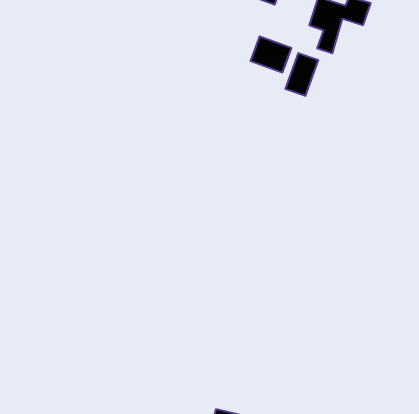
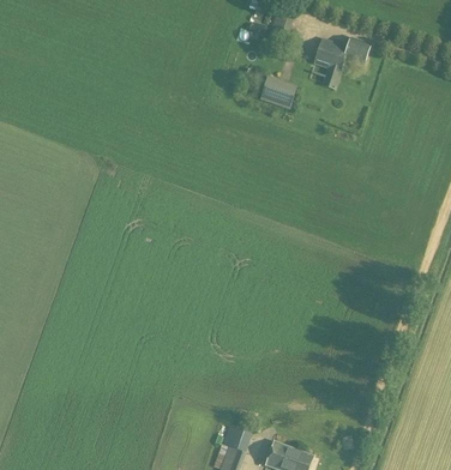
building: [286,53,318,96] -> none

